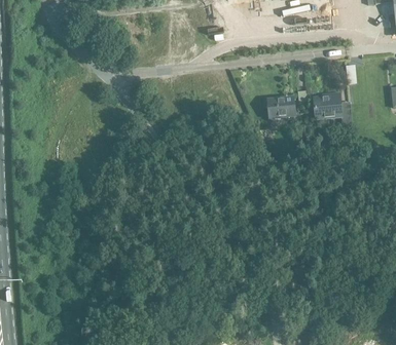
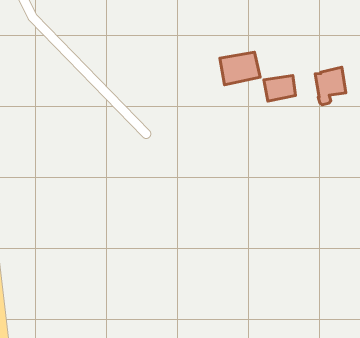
building: none -> [220,52,260,85]

